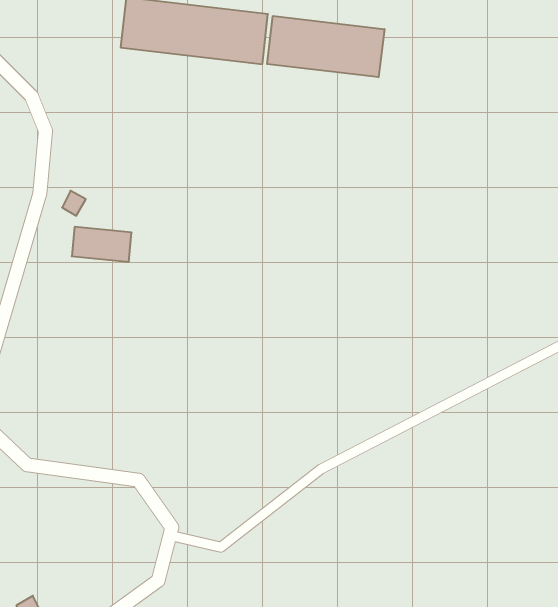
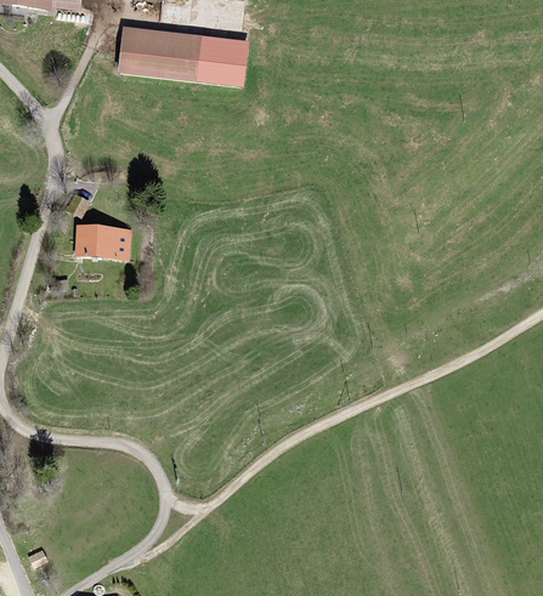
building: [267,16,384,77] -> none

